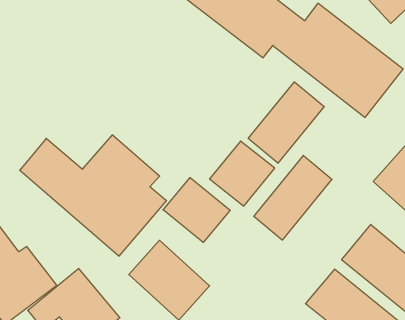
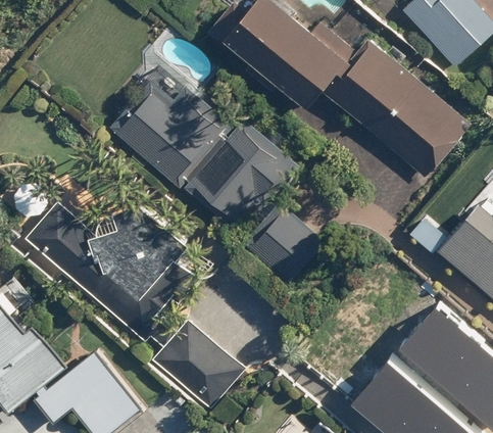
building: none -> [107,81,301,228]
building: [248,82,324,163] -> none
building: [254,155,332,240] -> none
building: [163,178,230,242] -> none

